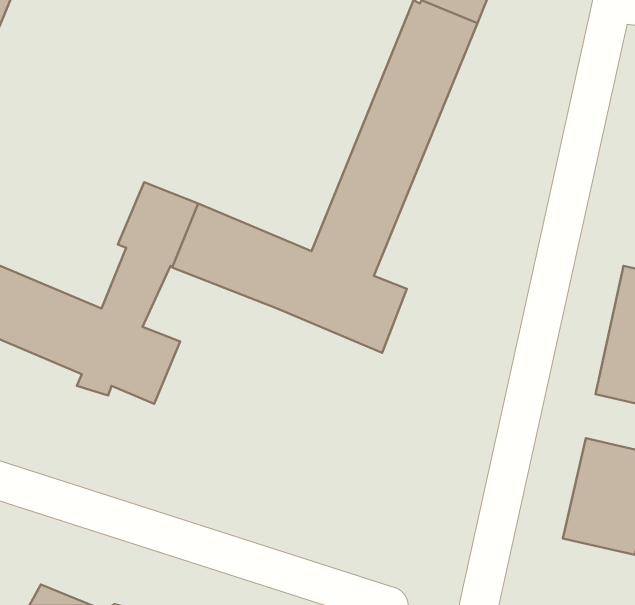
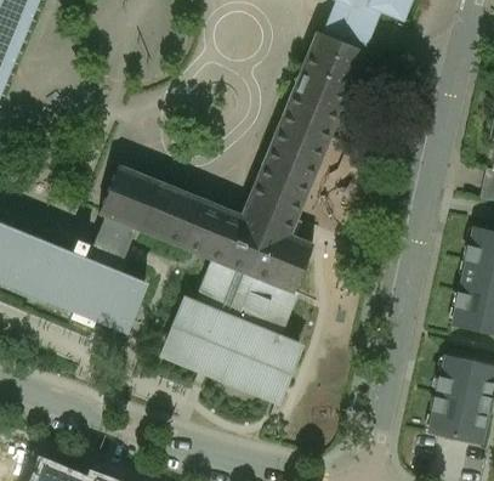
building: none -> [166,260,300,396]

